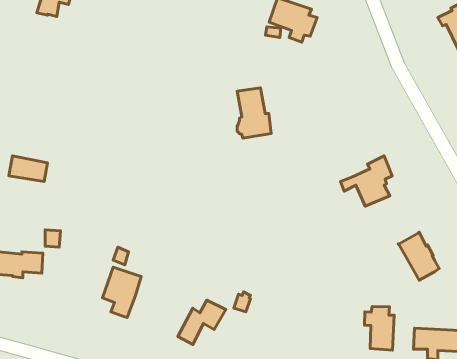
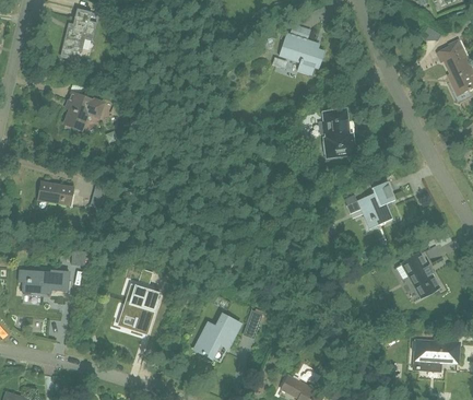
building: none -> [64,94,105,130]
building: [237,88,271,138] -> [324,110,356,157]
building: [364,307,394,350] -> none

